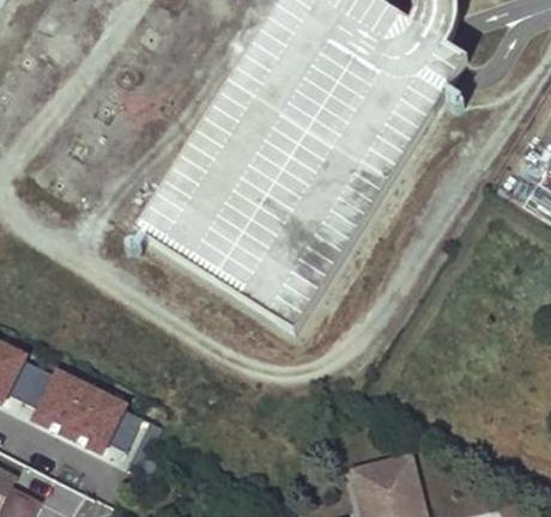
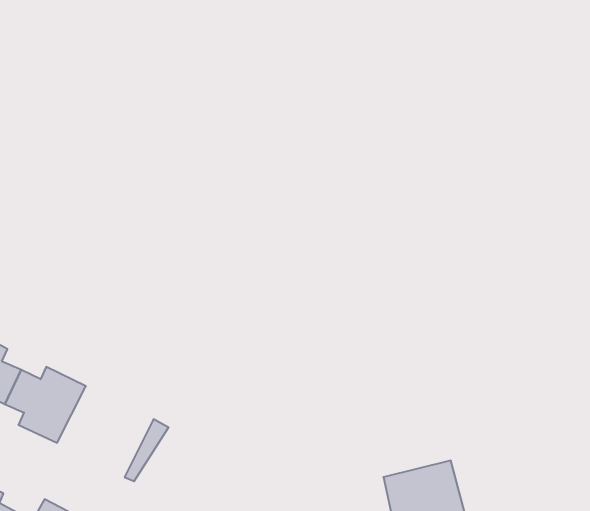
building: [69,388,139,454] -> none

